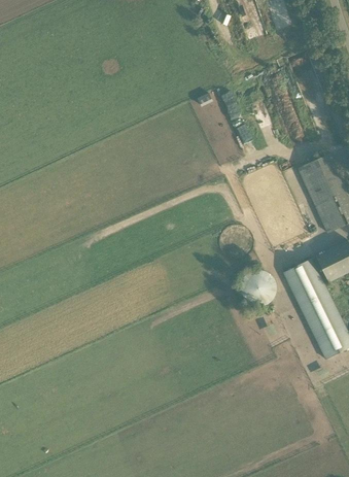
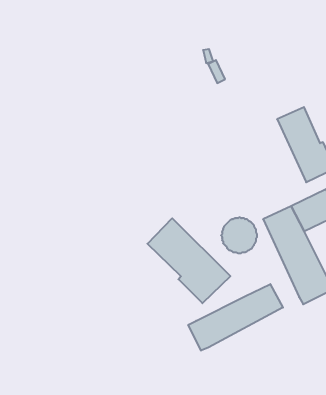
building: none -> [147,218,230,303]
building: none -> [188,284,283,351]

